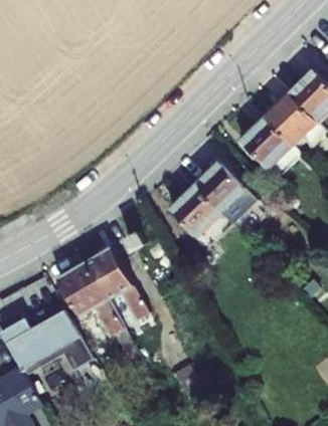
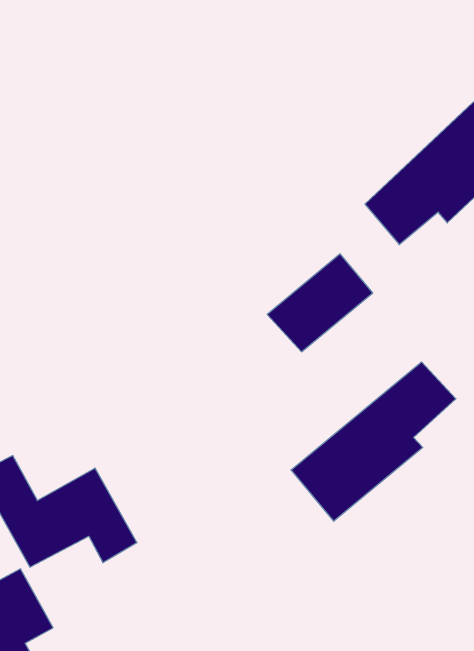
building: none -> [291,362,456,521]
building: [62,250,150,338] -> none

